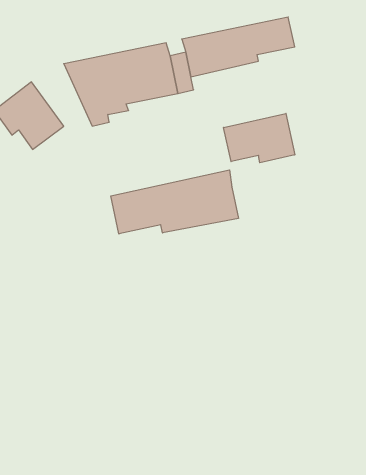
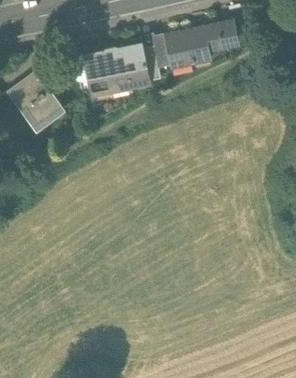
building: [224,113,295,163] -> none
building: [111,170,238,234] -> none

